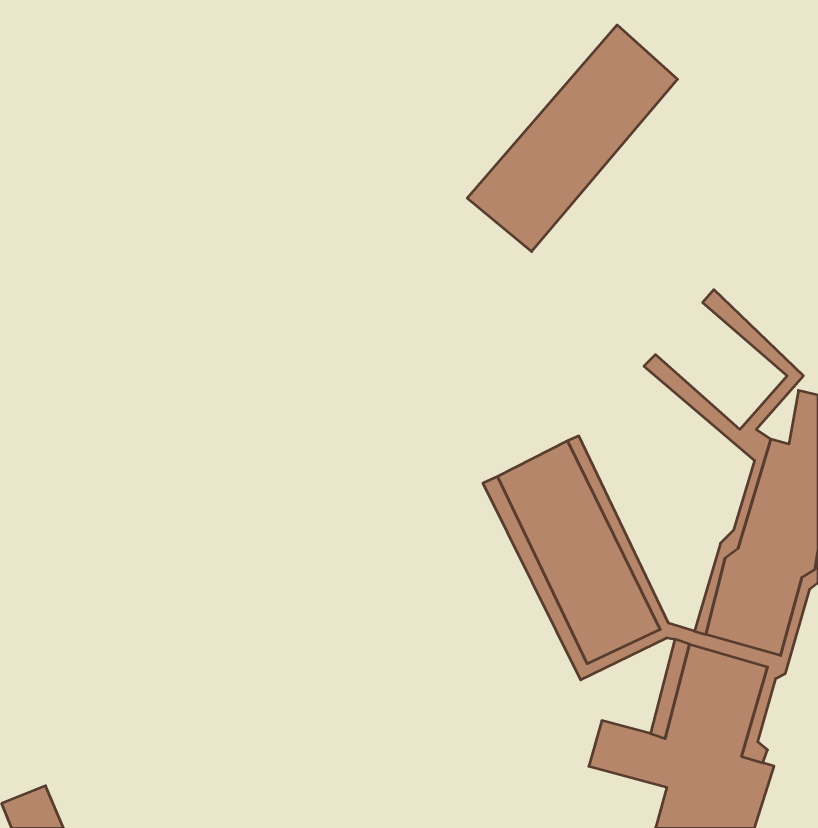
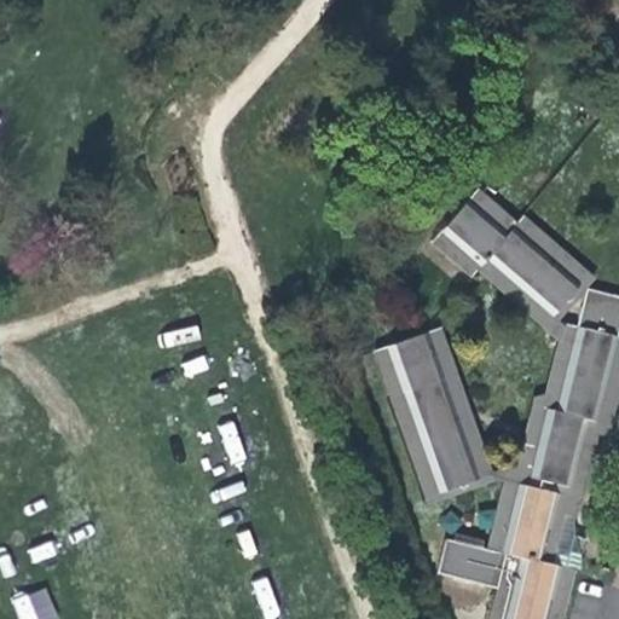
building: [467,25,678,252] -> none
building: none -> [433,190,585,319]

